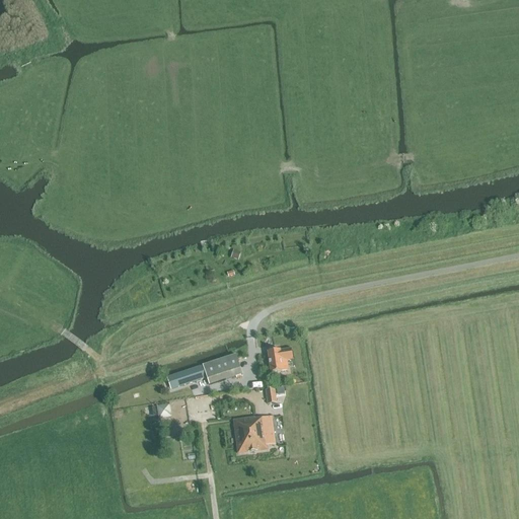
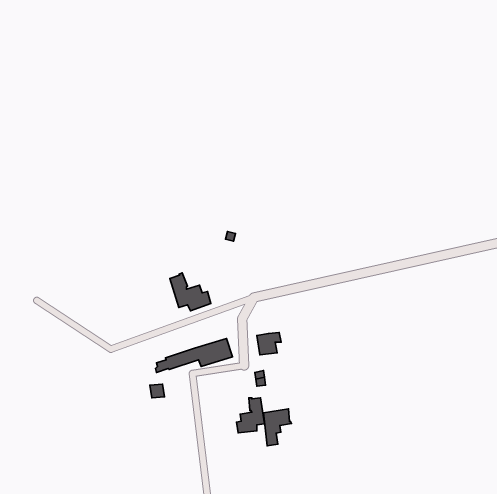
building: none -> [170,273,211,311]
building: [233,415,263,453] -> [263,409,292,446]

